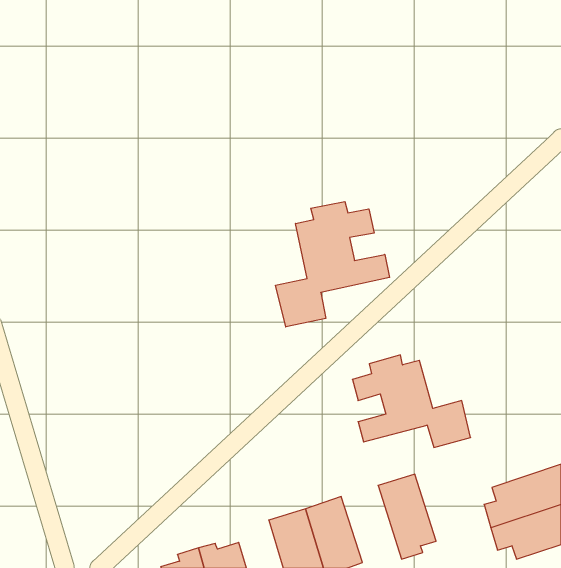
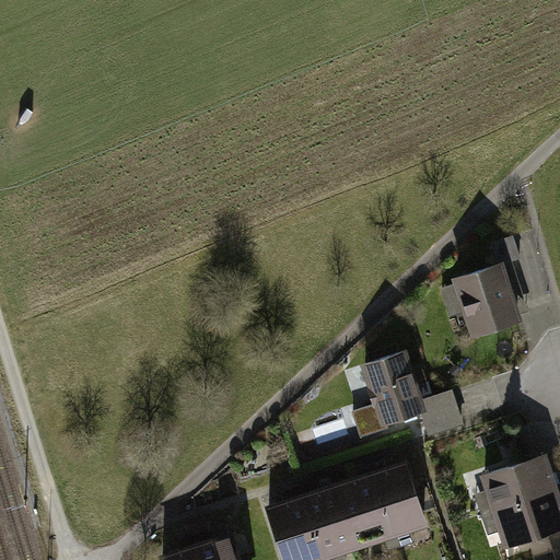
building: [276,202,390,327] -> none
building: none -> [457,241,526,338]
building: none -> [335,476,394,551]

